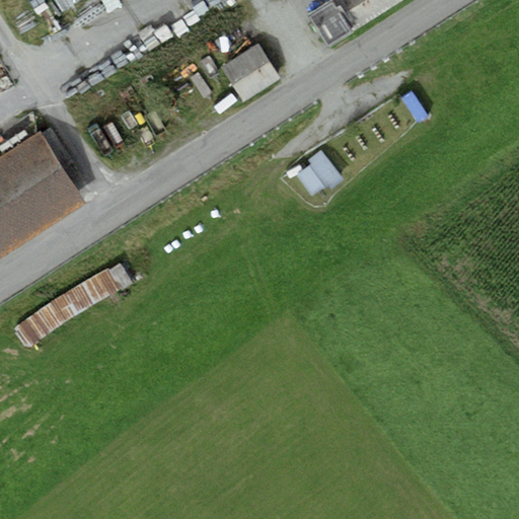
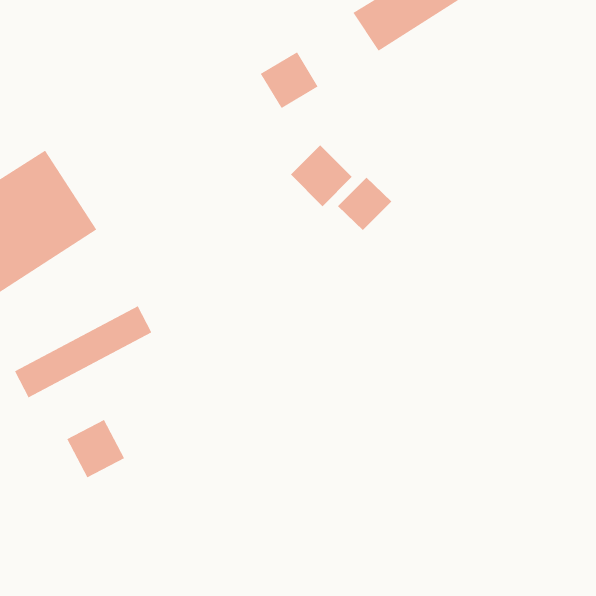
building: none -> [290,144,353,207]
building: none -> [66,419,125,478]

